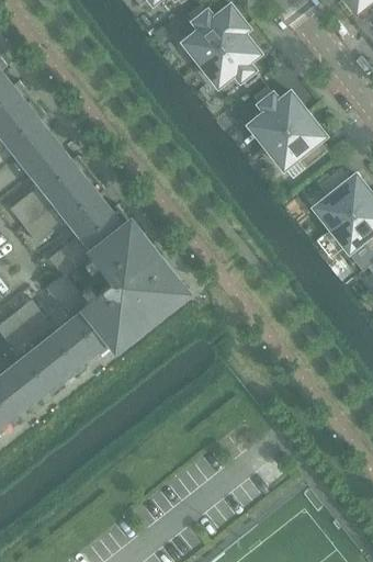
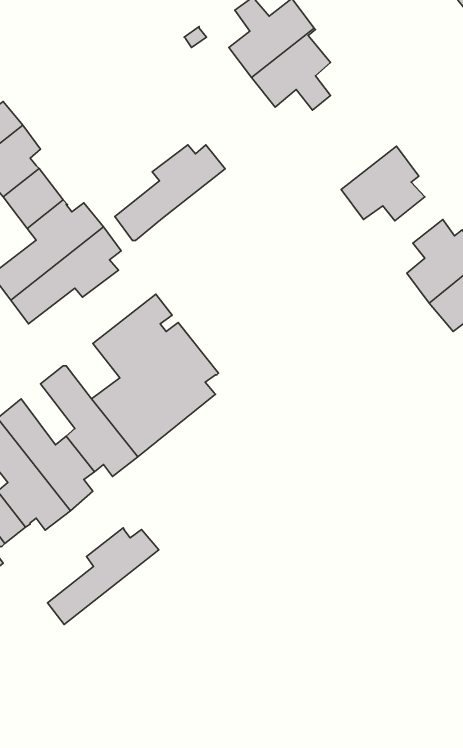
building: [248,87,306,146] -> none
building: [48,205,129,276] -> [115,145,225,240]
building: none -> [47,528,159,625]

